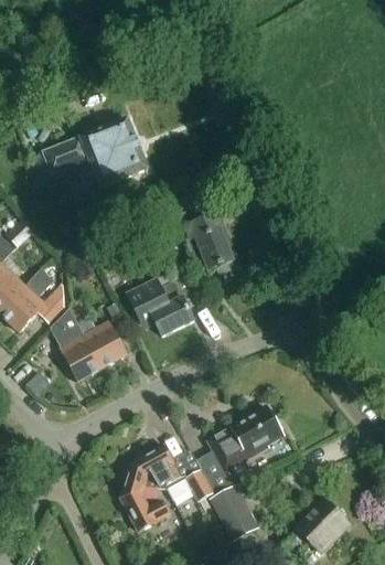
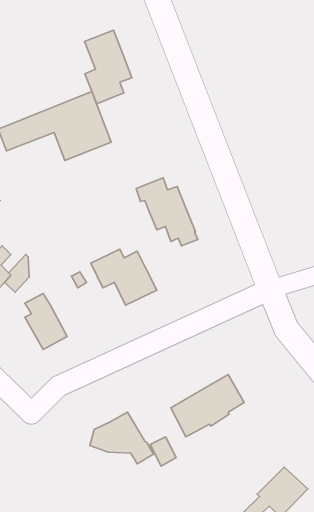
building: none -> [84,30,132,104]
building: [85,321,127,367] -> none
building: [120,479,170,530] -> none
building: [210,484,259,541] -> none

